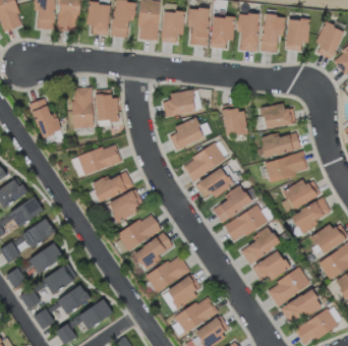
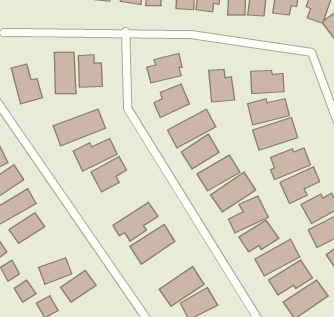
building: [114,213,161,252] -> none
building: [43,264,77,293] -> none
building: [165,274,200,309] -> none

